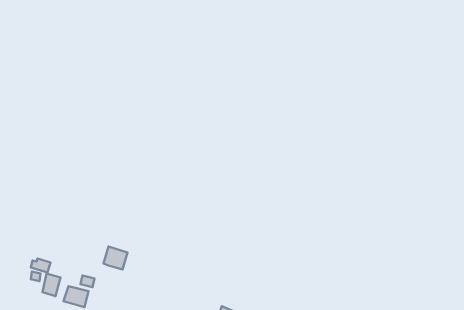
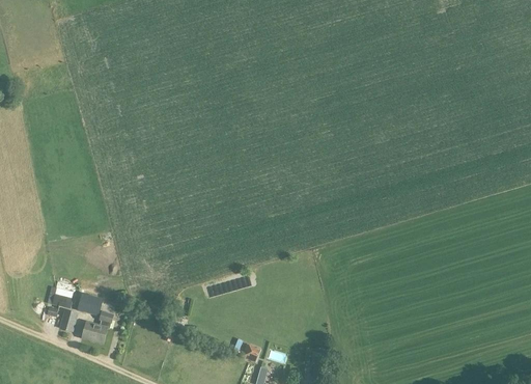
building: [103,247,127,270] -> [78,292,103,316]

